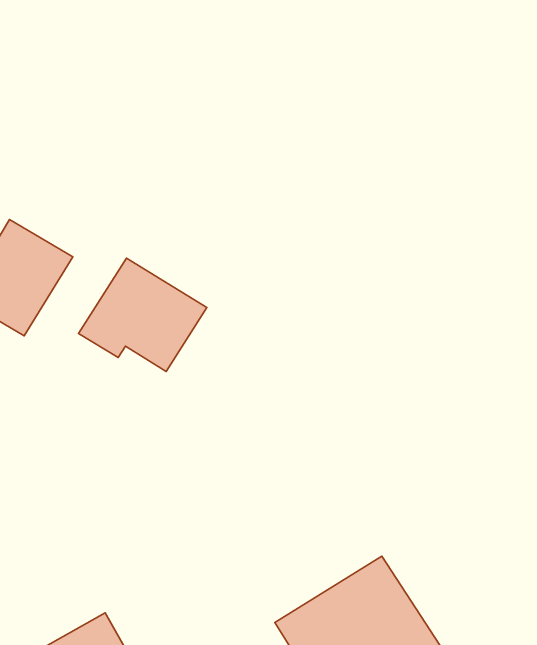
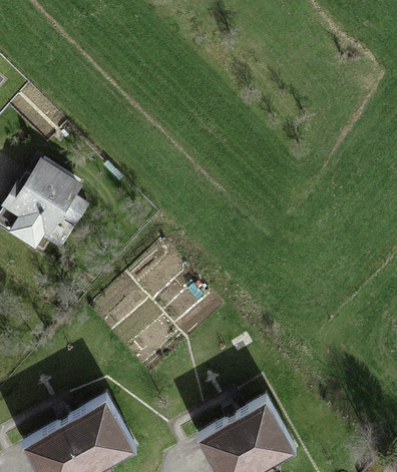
building: [78,258,207,371] -> none

